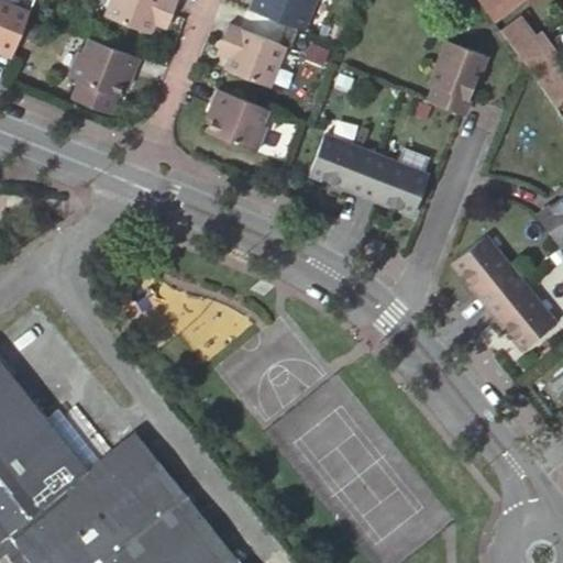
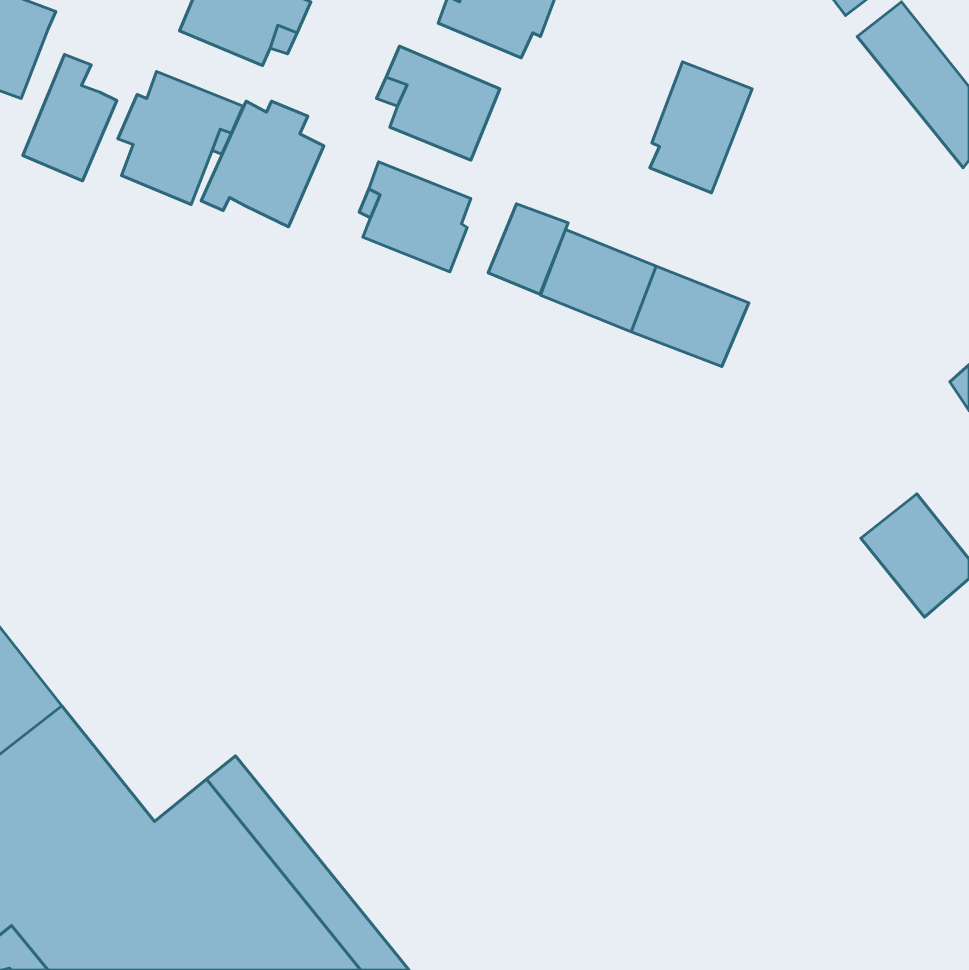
building: none -> [23,55,117,181]
building: [431,42,489,117] -> [650,62,752,193]
building: none -> [201,101,324,227]
building: none -> [488,204,568,294]
building: [455,238,522,307] -> none

